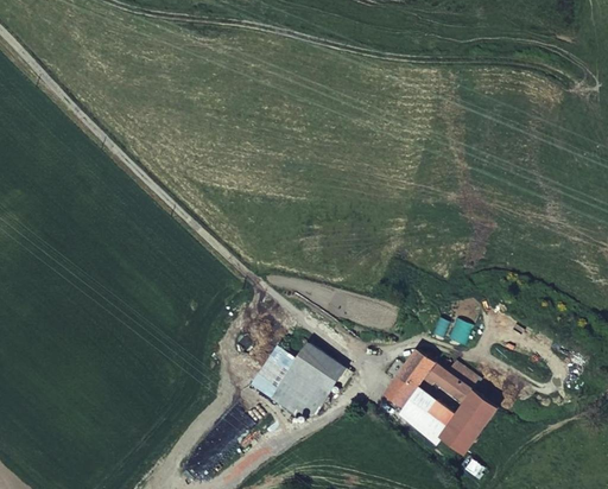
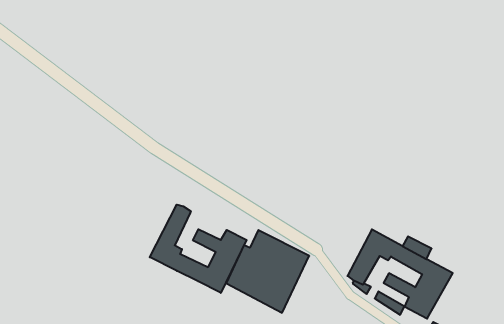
building: none -> [150,205,247,293]

